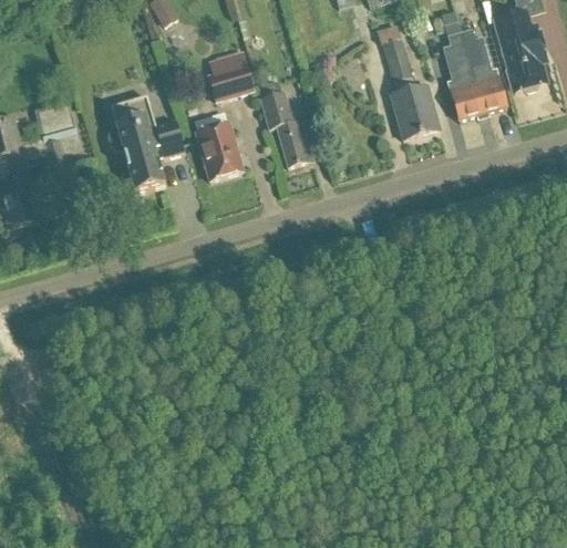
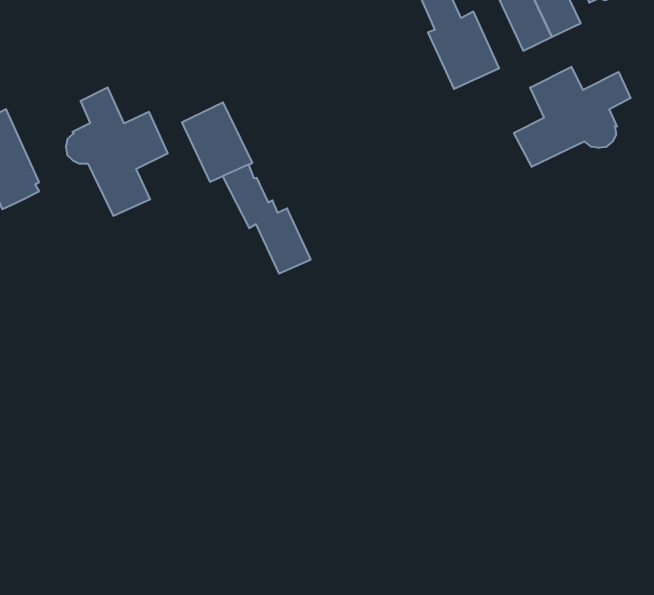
building: [208,61,252,97] -> none
building: [257,79,312,164] -> [223,164,311,274]
building: none -> [514,67,631,167]

